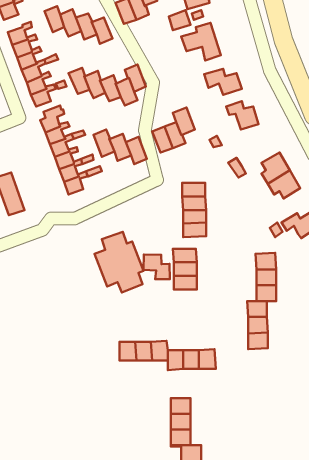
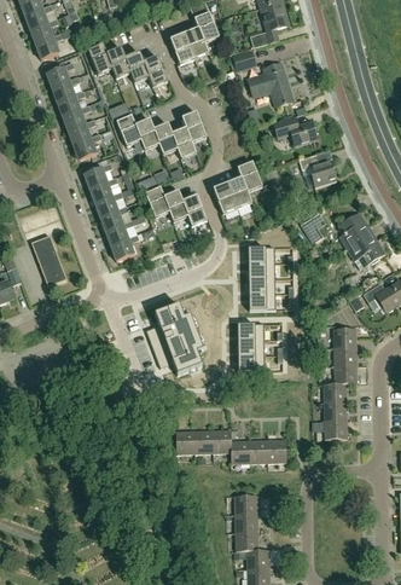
building: [143,254,170,279] -> none

